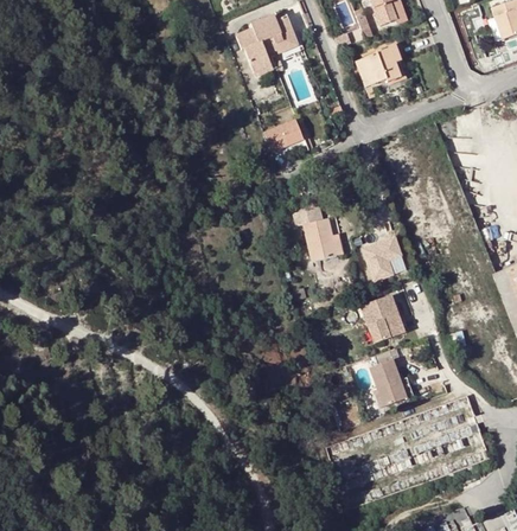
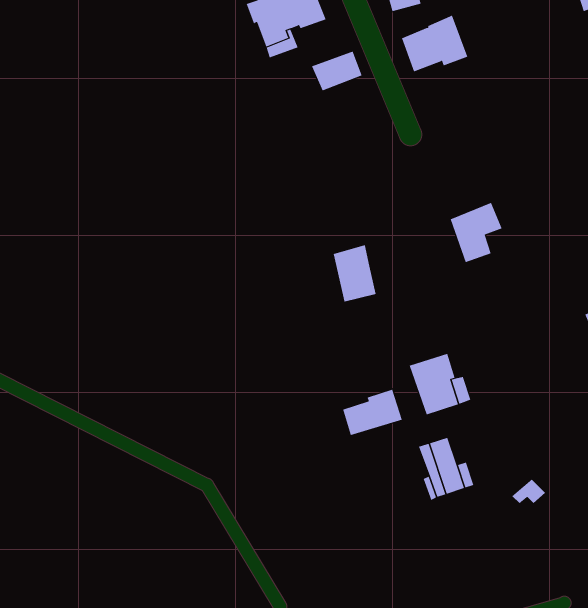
building: [262,117,301,148] -> [311,51,363,91]
building: [364,237,404,283] -> [450,202,503,263]
building: none -> [343,389,403,436]

